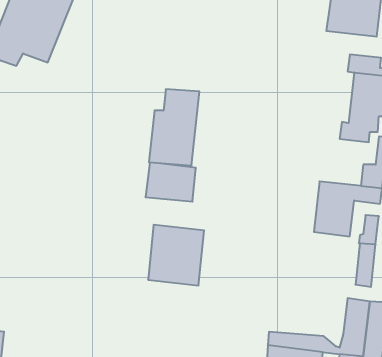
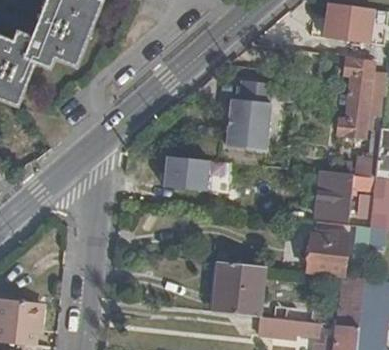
building: [149,89,199,166] -> [228,80,273,148]
building: [148,225,204,285] -> [213,262,263,316]
building: none -> [306,229,348,275]

